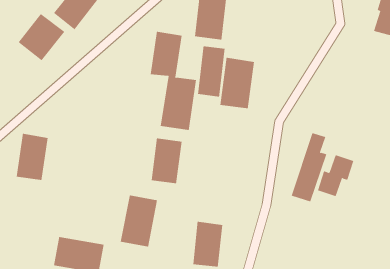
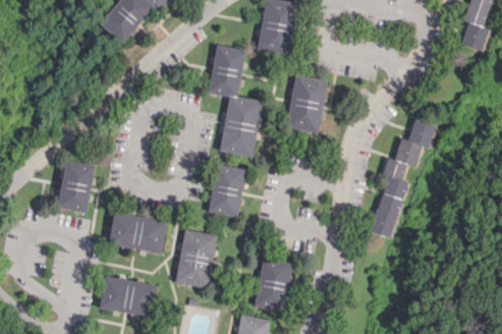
building: [18,13,65,61] -> none
building: [197,46,225,97] -> none
building: [317,154,354,197] -> [394,119,436,167]
building: none -> [108,211,167,254]

